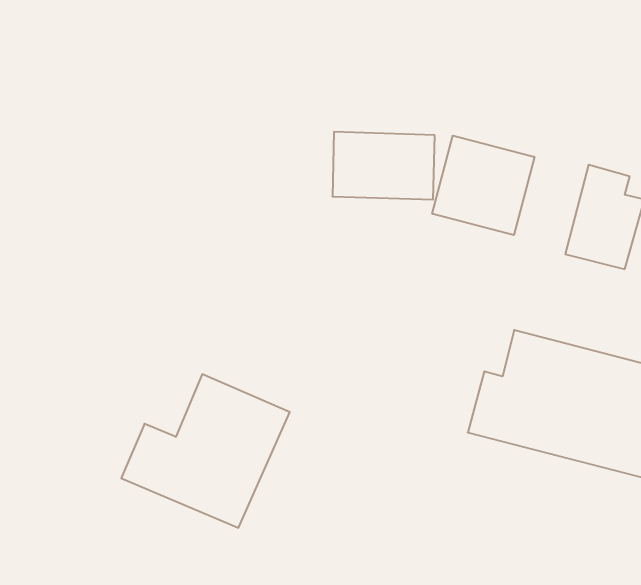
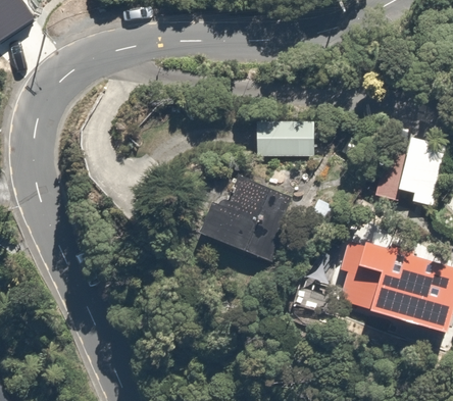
building: [432,136,534,235] -> none
building: [121,374,290,528] -> [190,171,294,266]

